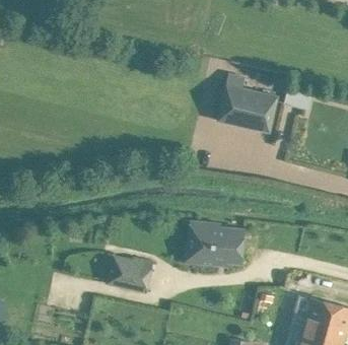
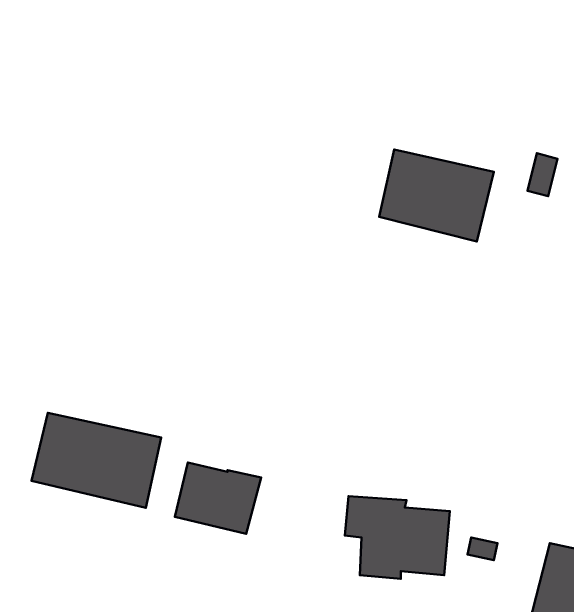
building: [187,220,243,265] -> [345,496,450,579]
building: none -> [31,413,161,508]

